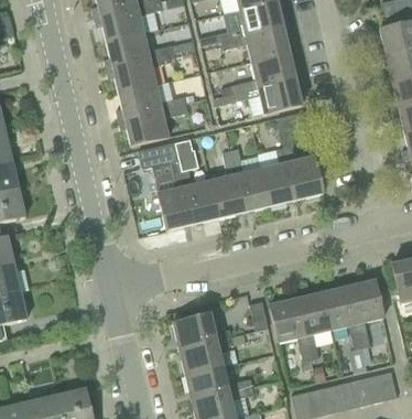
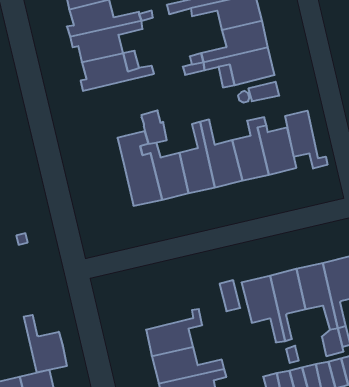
building: [118,103,187,144] -> none
building: none -> [285,111,327,169]
building: [138,141,177,166] -> none
building: [172,313,224,348] -> none
building: none -> [24,315,67,373]

